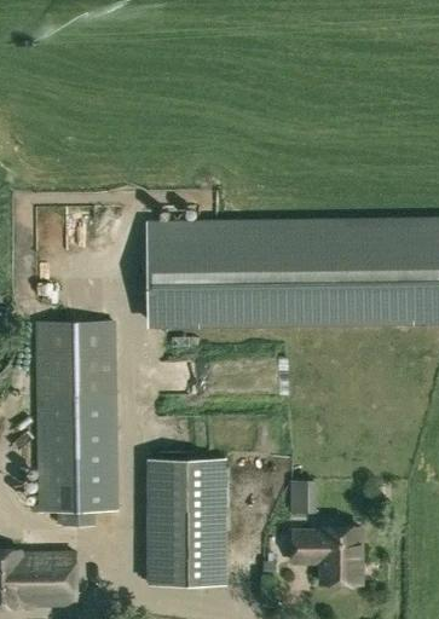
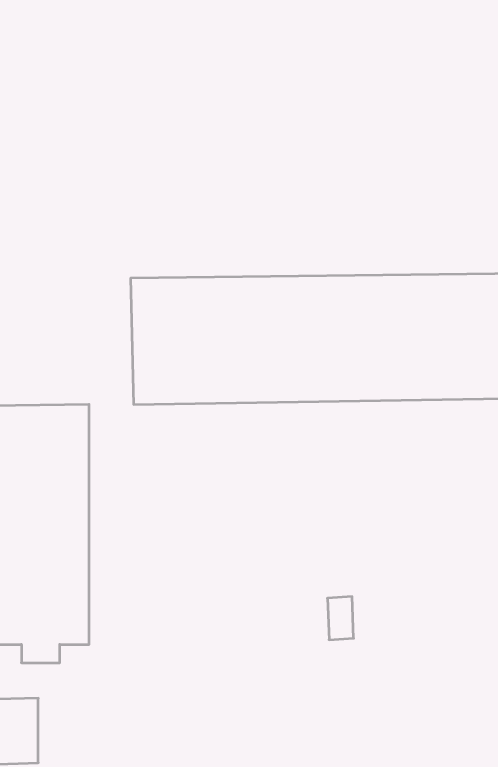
building: [149,459,225,584] -> none
building: [293,527,360,580] -> none

